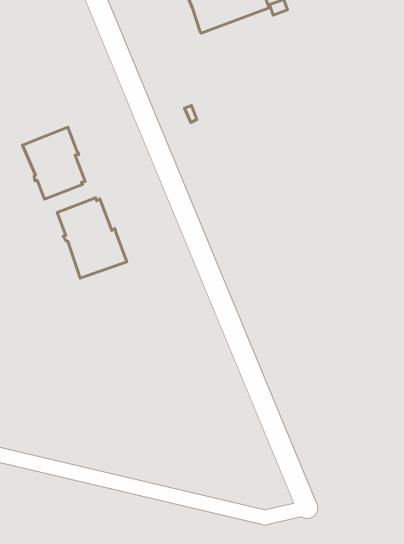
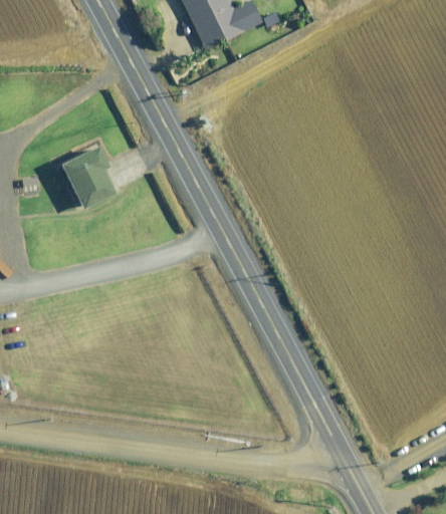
building: [57,198,127,278] -> none

